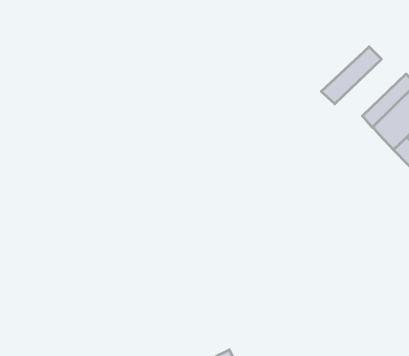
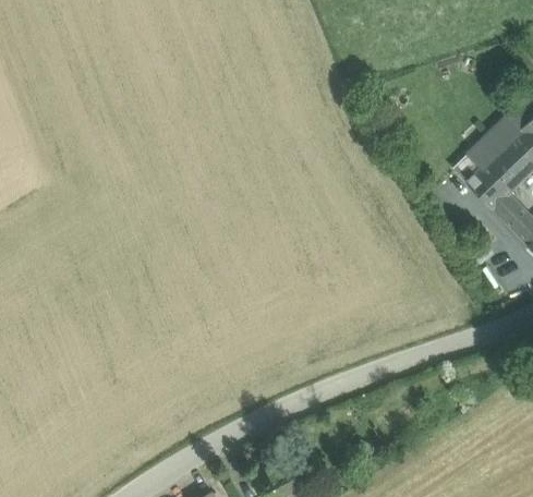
building: [321,47,381,104] -> none

